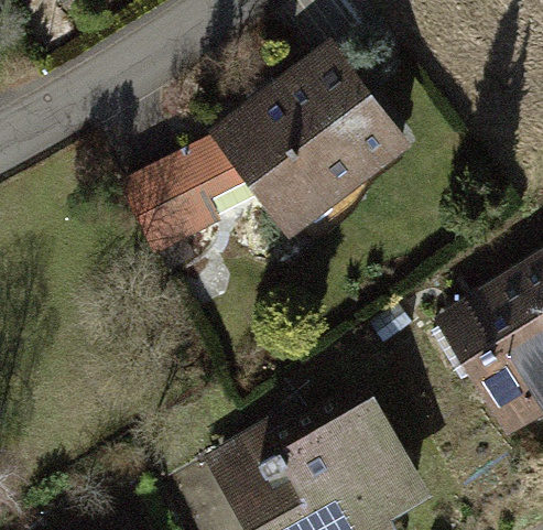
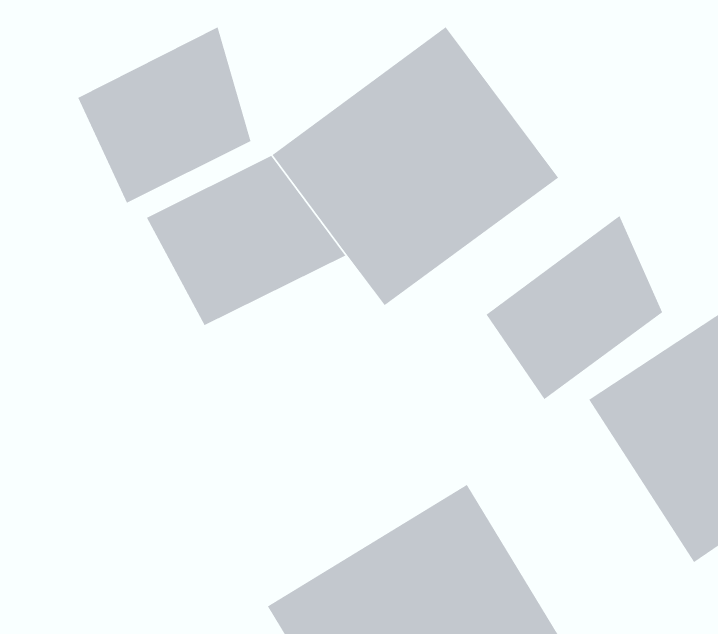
building: none -> [77,26,252,204]
building: none -> [485,215,663,400]

